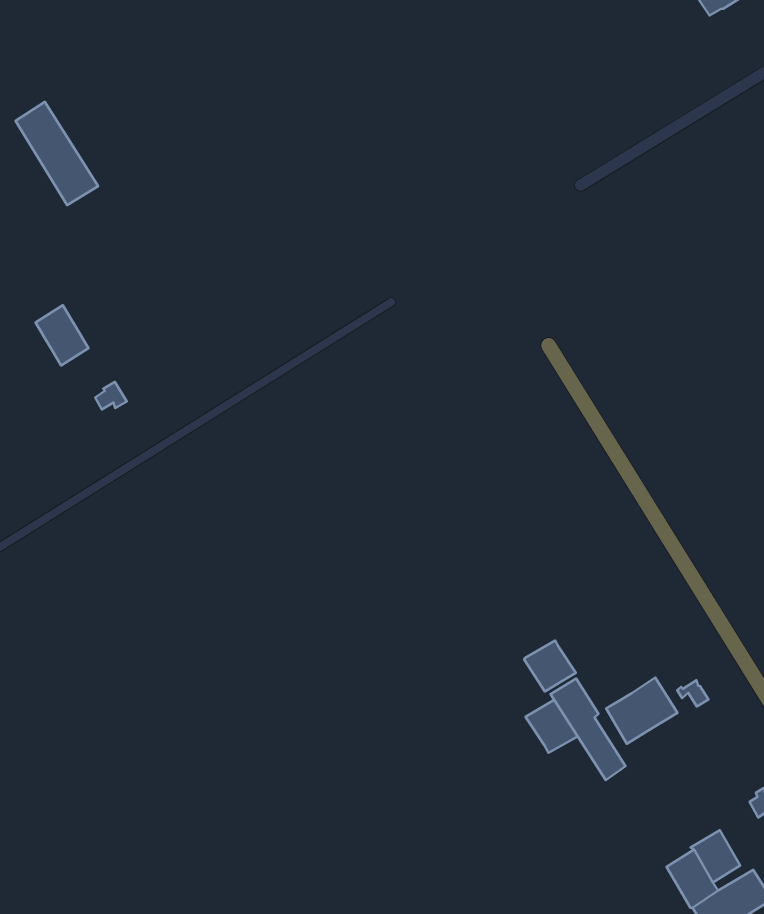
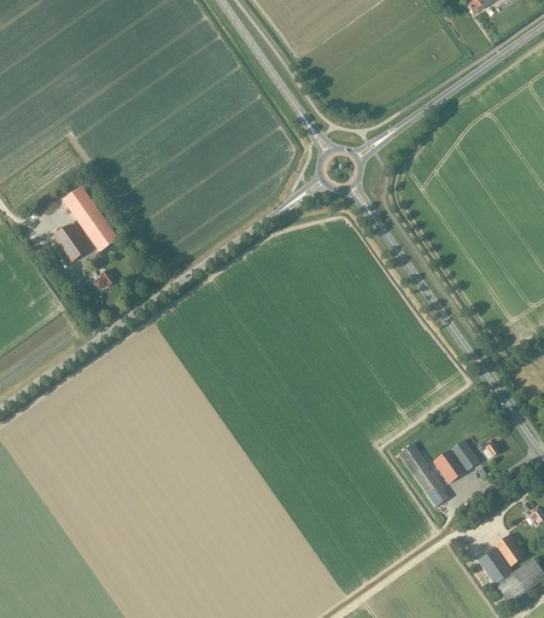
building: [15,102,98,205] -> [63,186,118,251]
building: [524,641,576,692] -> none
building: [525,700,577,753] -> none

